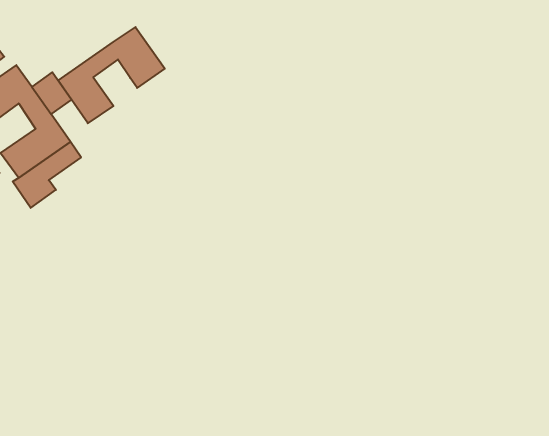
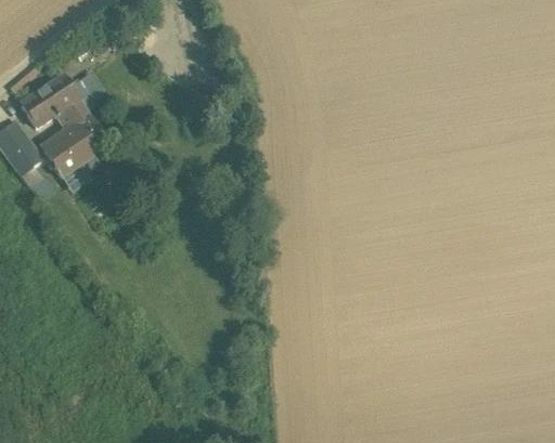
building: [58,27,165,123] -> none

